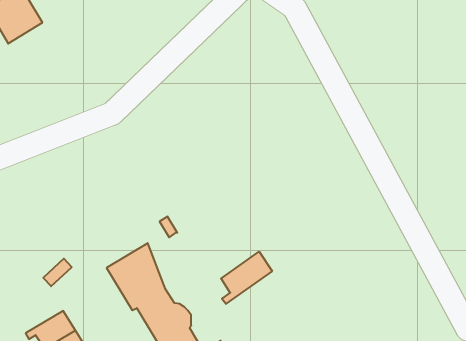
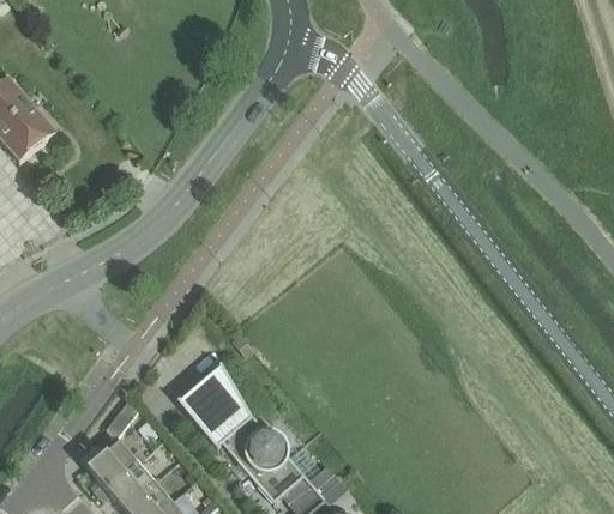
building: [221,252,272,304] -> none
building: none -> [86,440,136,494]

